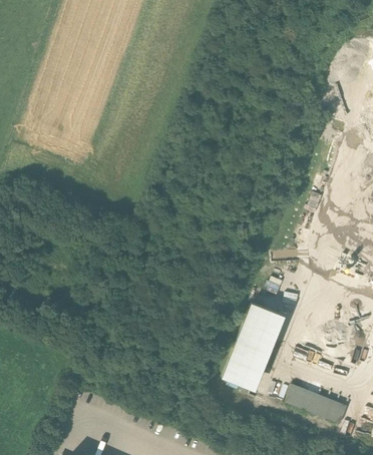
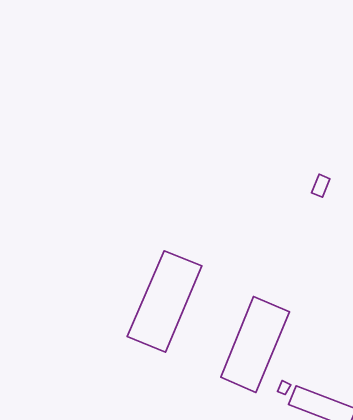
building: none -> [127,251,202,352]

